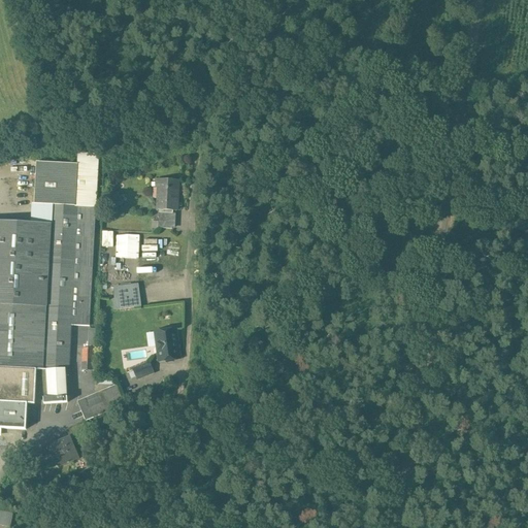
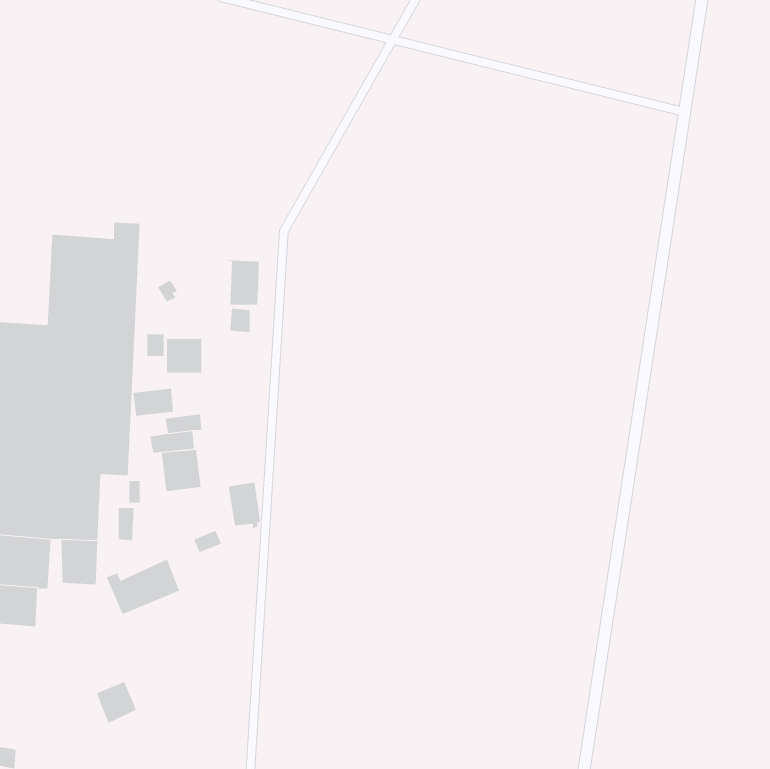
building: none -> [132,388,174,417]
building: none -> [161,449,201,493]
building: [50,436,77,465] -> [96,681,137,723]

